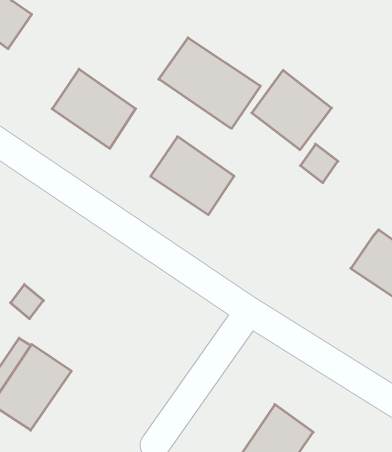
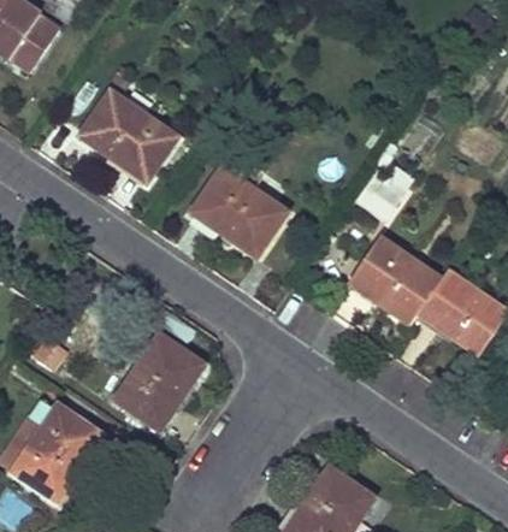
building: [159,38,260,128] -> none
building: [252,70,332,150] -> none
building: none -> [350,238,441,325]
building: none -> [117,331,203,425]

